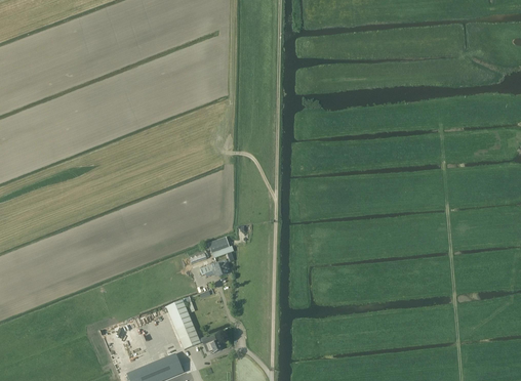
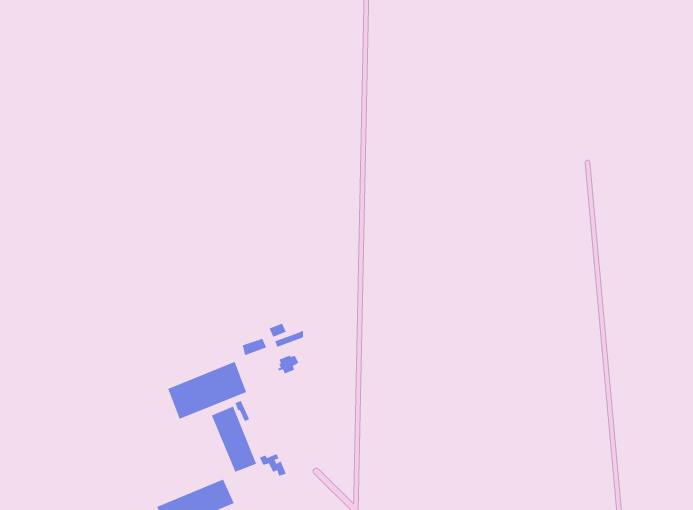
building: none -> [167,361,247,420]

